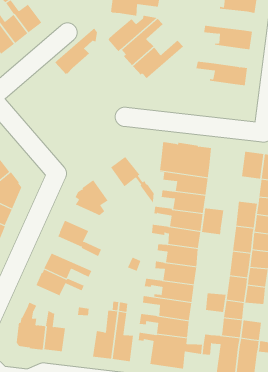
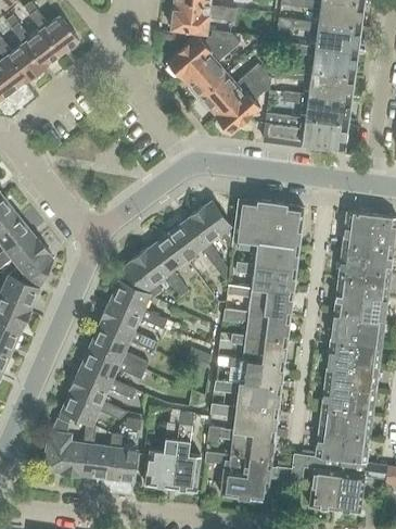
building: none -> [277,18,360,53]
building: [54,27,98,75] -> [213,73,270,136]
building: none -> [277,66,354,101]
building: none -> [263,114,347,149]
building: none -> [189,201,234,244]
building: none -> [146,234,188,297]
building: none -> [108,281,167,329]
building: [201,208,224,235] -> [337,245,368,281]
building: none -> [90,325,148,370]
building: none -> [61,390,126,426]
building: [205,293,226,313] -> [344,413,372,439]
building: none -> [105,433,138,482]

